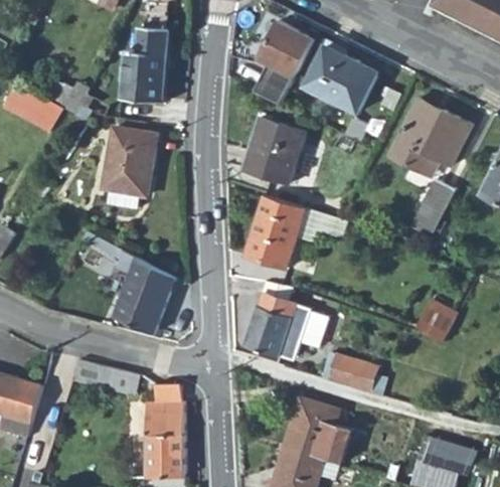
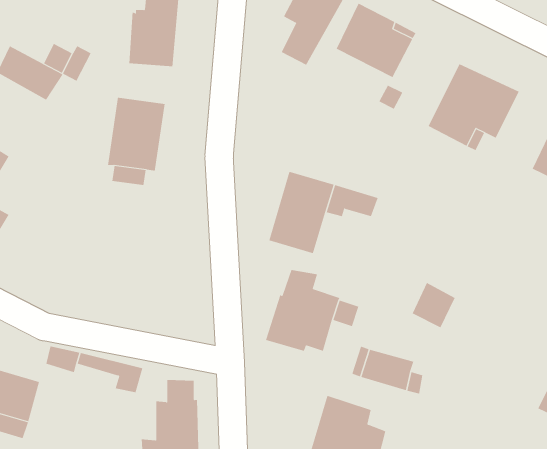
building: [244,119,305,182] -> none
building: [413,178,455,230] -> none
building: [78,232,171,334] -> none
building: [414,300,454,341] -> [412,282,456,328]

